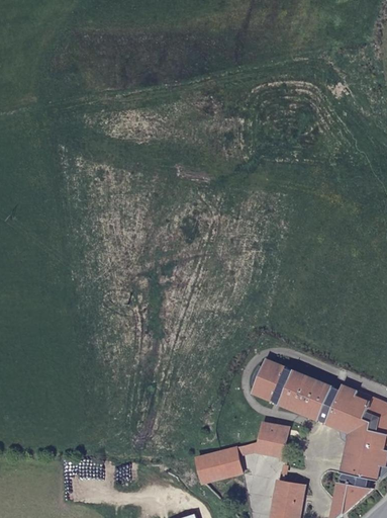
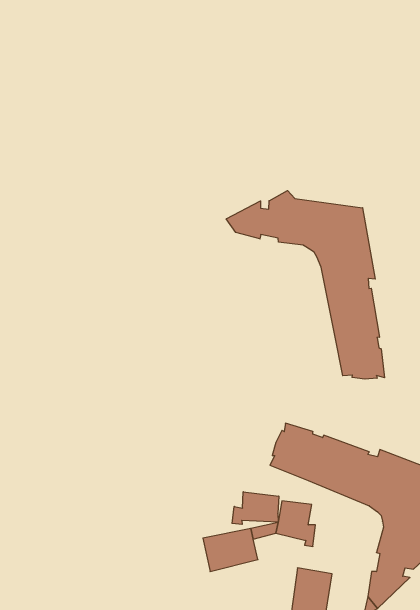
building: none -> [226,191,384,379]
building: none -> [232,492,279,524]

